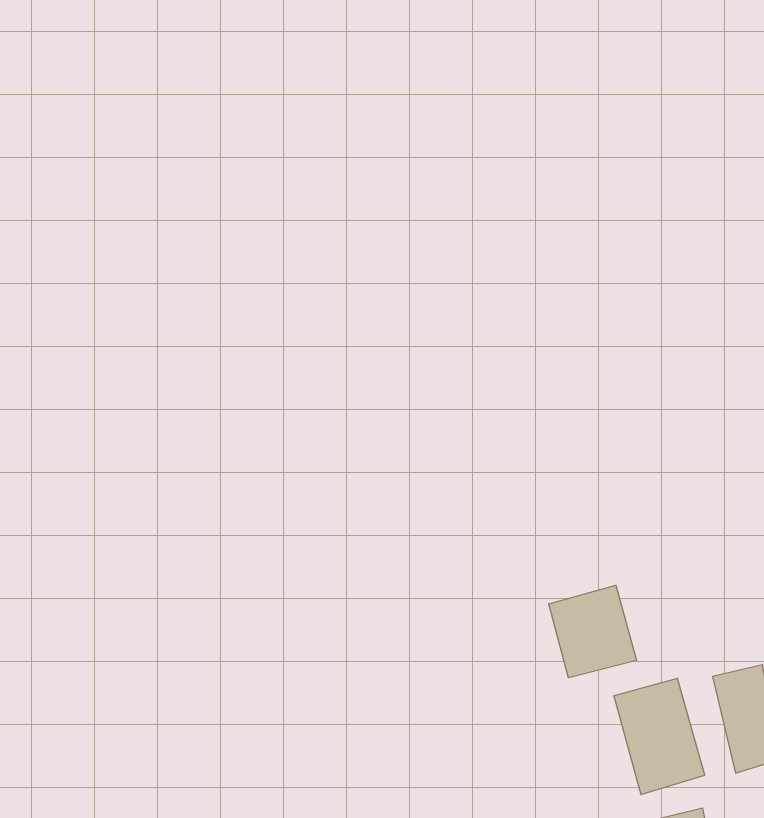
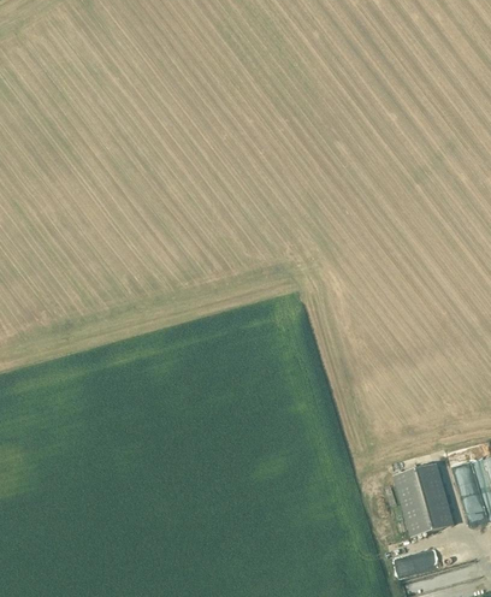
building: [549,585,636,678] -> none

